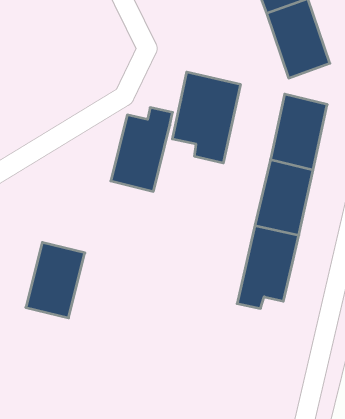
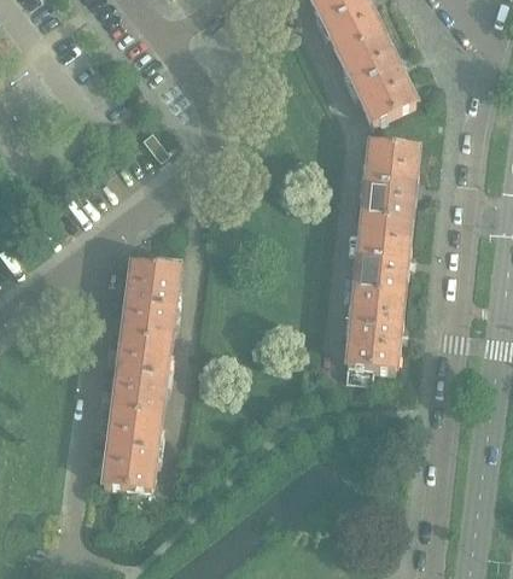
building: [172,72,240,163] -> none
building: [111,108,173,191] -> [122,250,181,341]
building: none -> [103,409,161,503]

